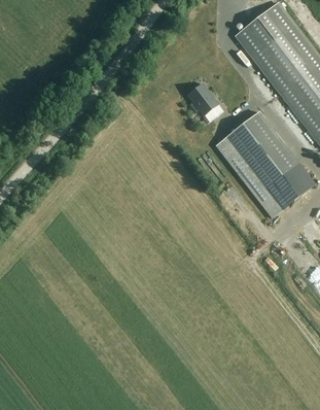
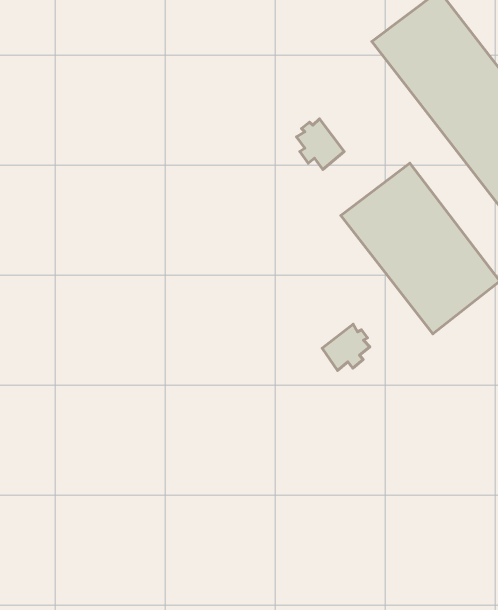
building: none -> [322,324,370,370]

